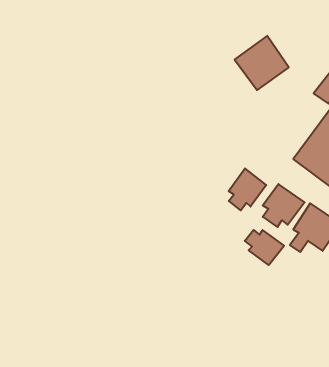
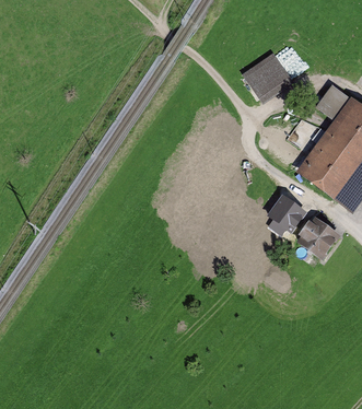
building: [229,168,266,210] -> none
building: [245,230,284,265] -> none

